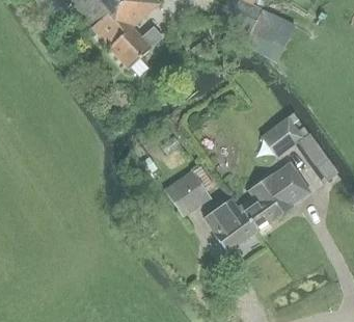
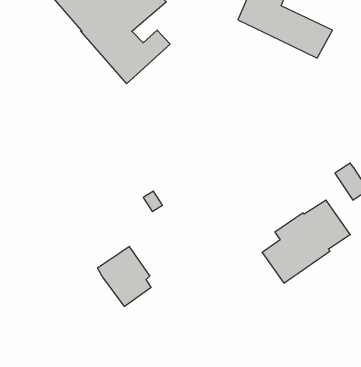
building: [269,116,303,152] -> none
building: [166,169,210,218] -> [97,246,151,306]
building: [205,197,256,251] -> none

